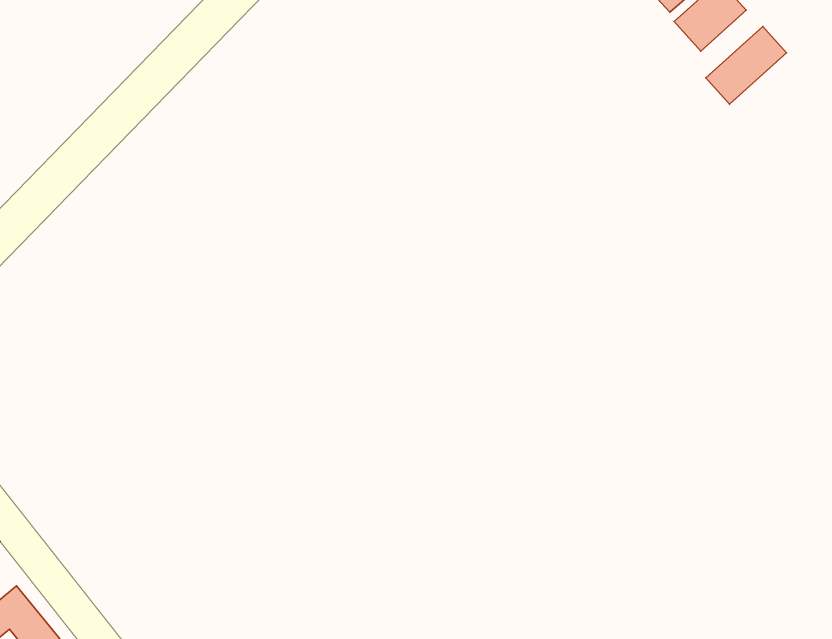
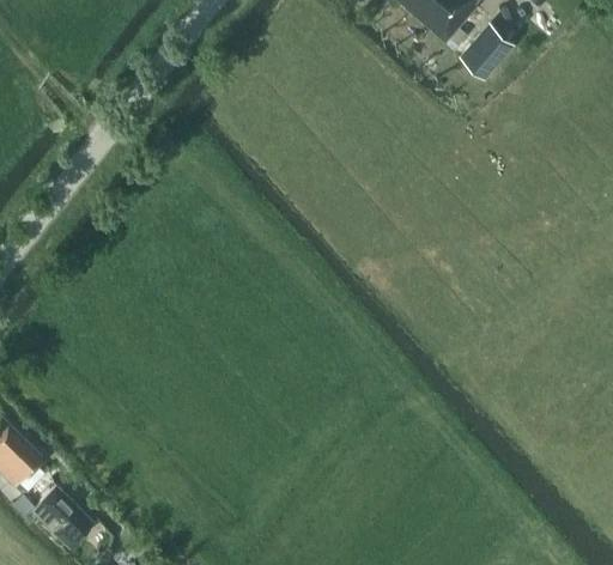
building: [706,27,786,104] -> none

